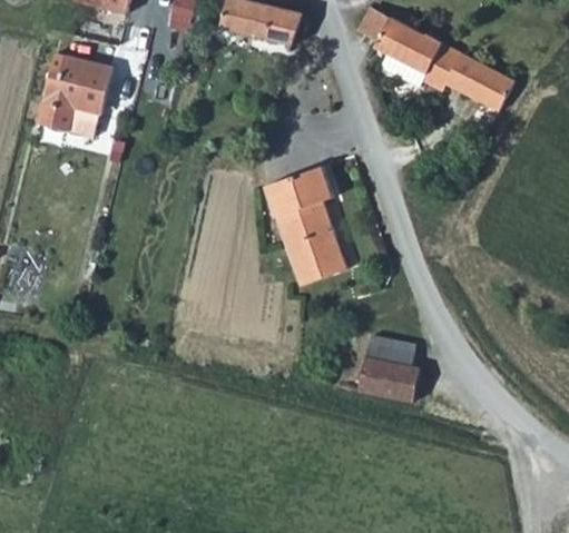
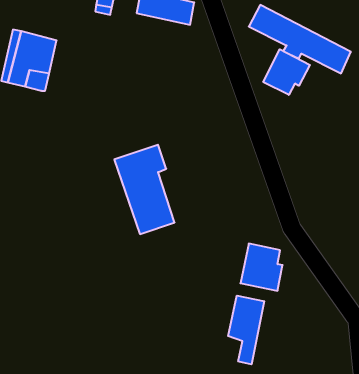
building: none -> [263,49,310,95]
building: [263,165,344,285] -> [114,145,175,234]
building: none -> [228,296,264,364]

